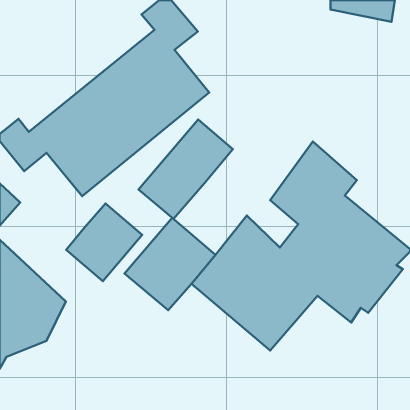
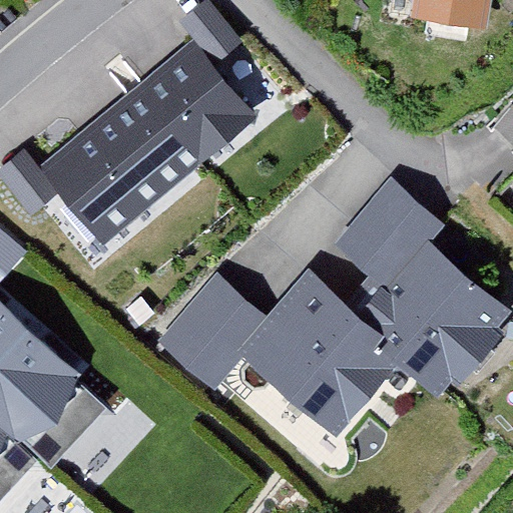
building: [139,119,233,219] -> none
building: [66,204,142,281] -> none

